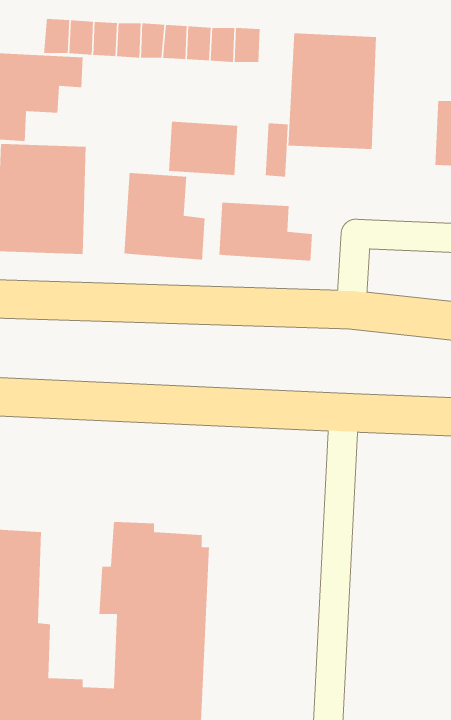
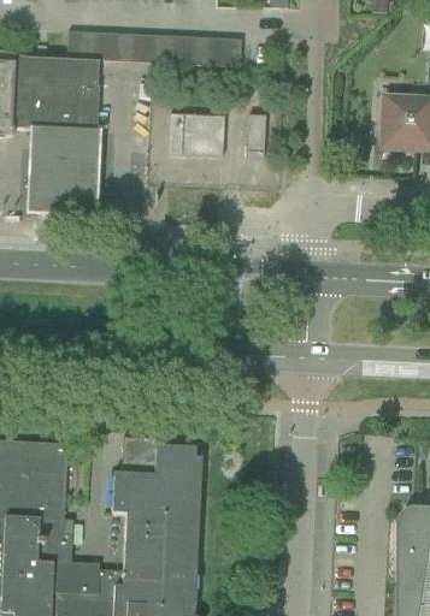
building: [288,33,377,150] -> none
building: none -> [51,85,98,132]
building: [123,172,206,260] -> none
building: [219,202,313,261] -> none

